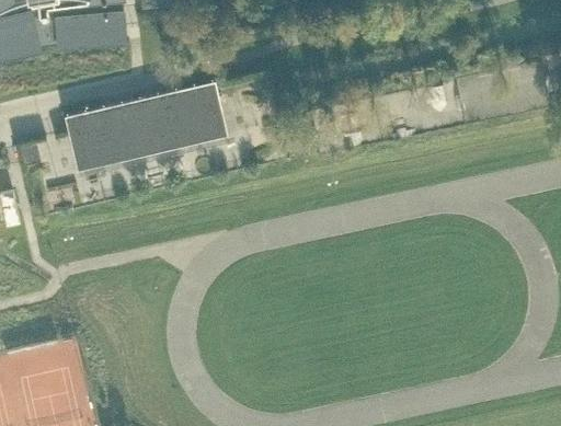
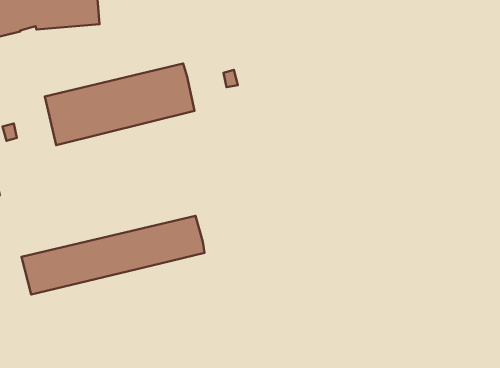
building: none -> [22,216,204,295]

